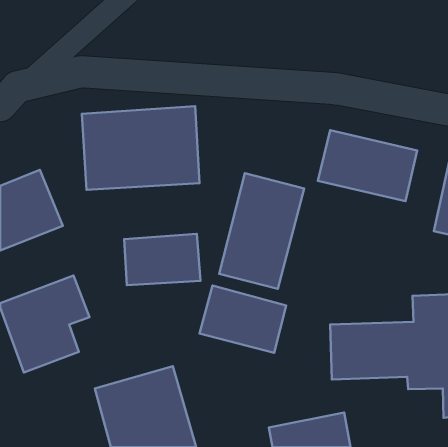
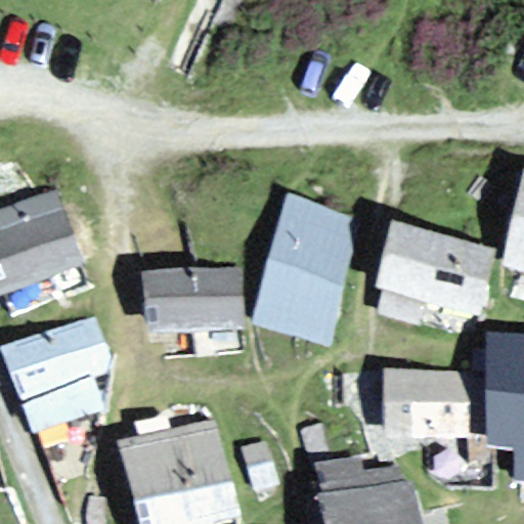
building: [82,106,200,190] -> none
building: [318,130,417,201] -> [376,231,490,313]
building: [199,285,286,353] -> none

